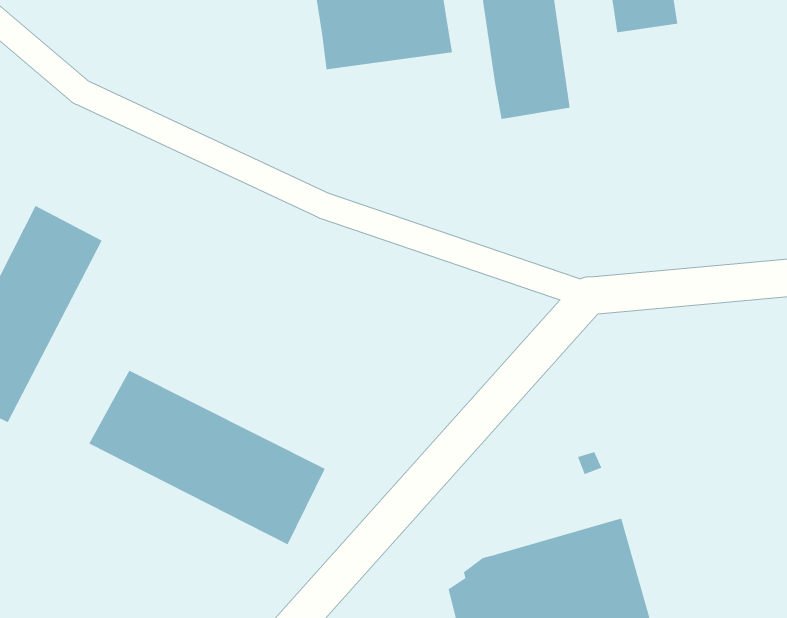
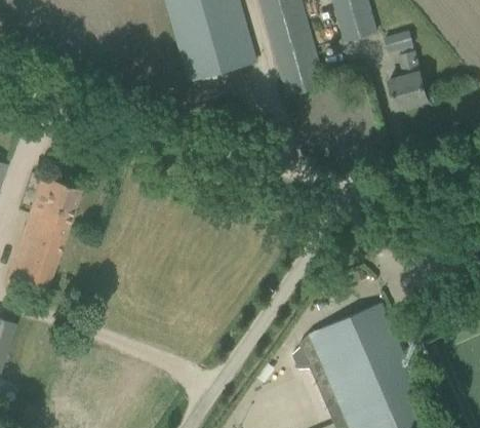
building: none -> [386,31,427,108]
building: [88,370,326,545] -> none

